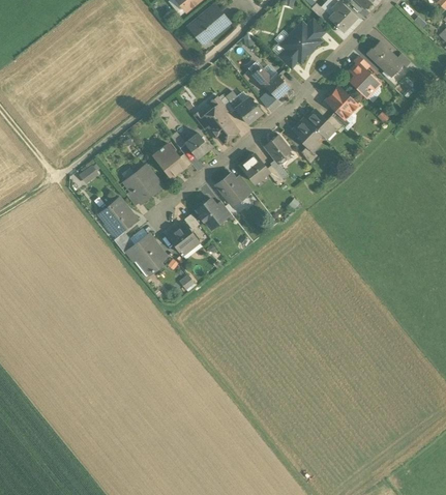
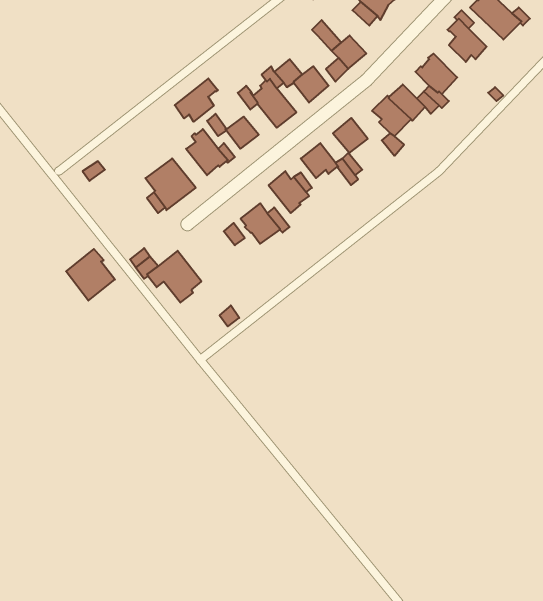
building: none -> [175,78,218,122]
building: [98,197,135,235] -> [66,249,115,301]
building: [168,223,198,254] -> none

